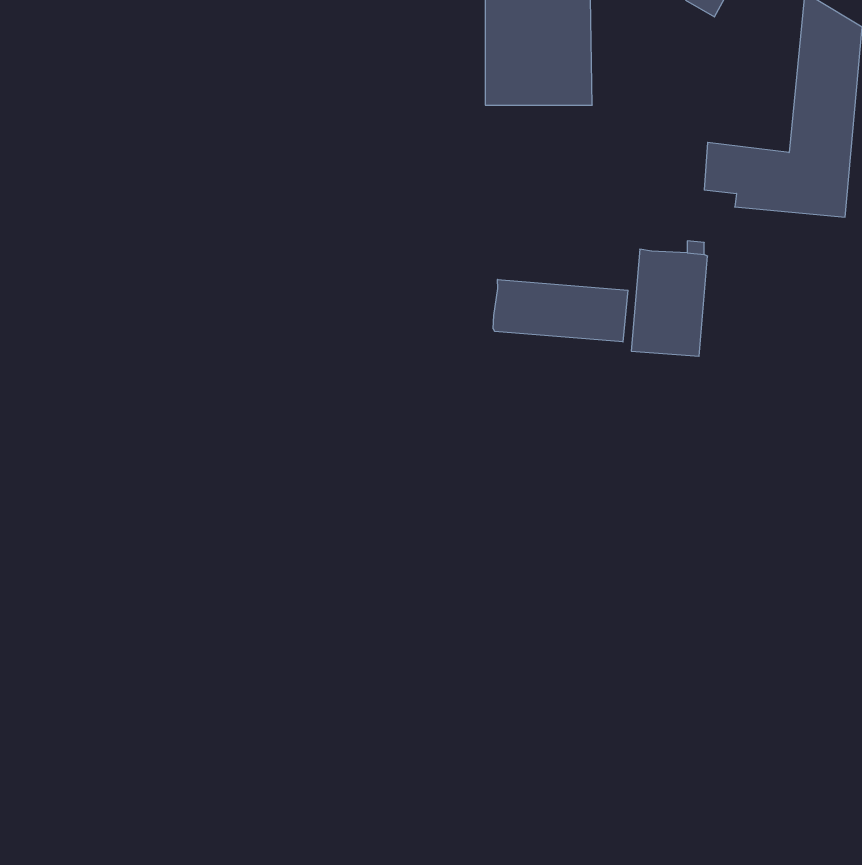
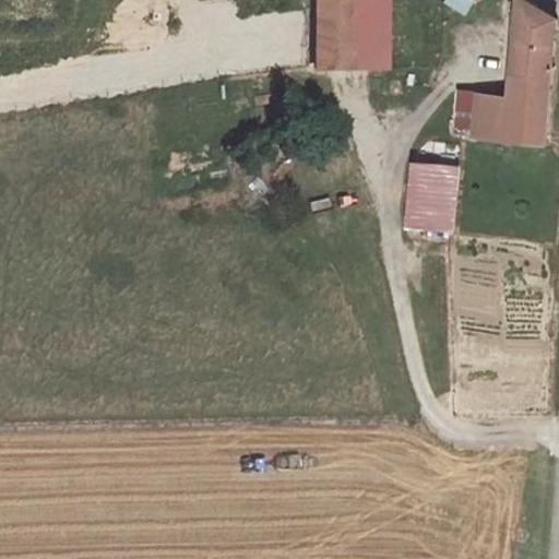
building: [493,279,628,342] -> none

